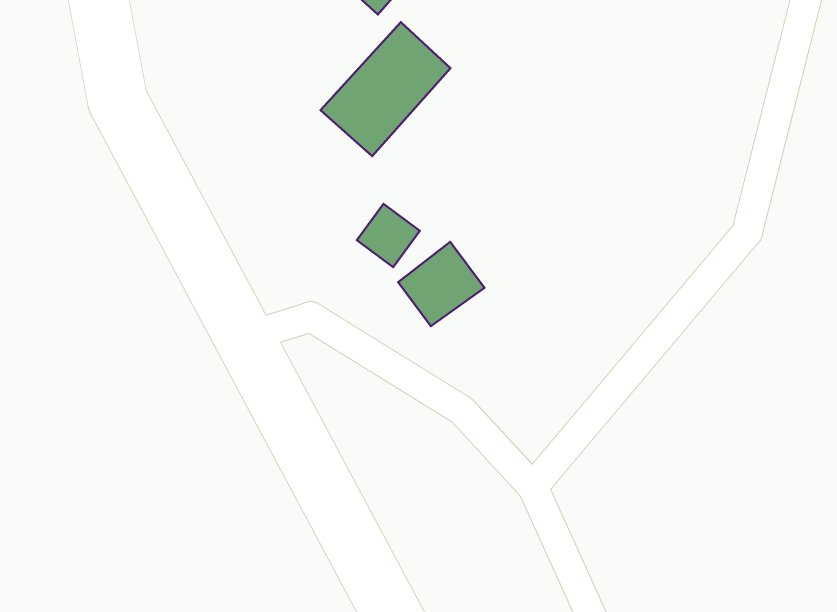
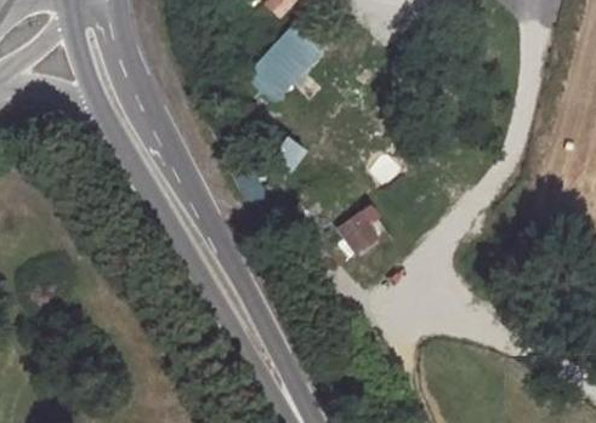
building: [398,242,484,326] -> [333,204,387,257]

